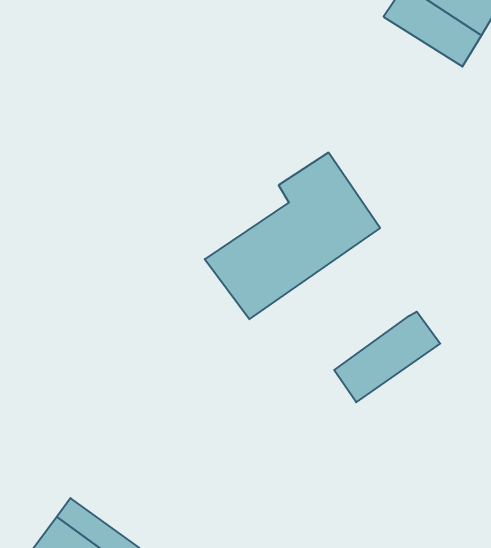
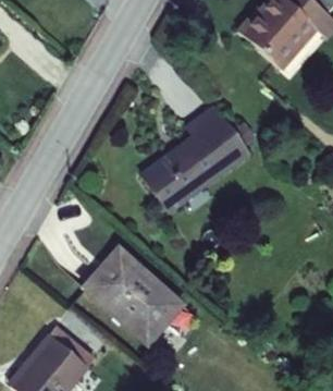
building: [334,312,440,402] -> none
building: none -> [82,245,181,343]

